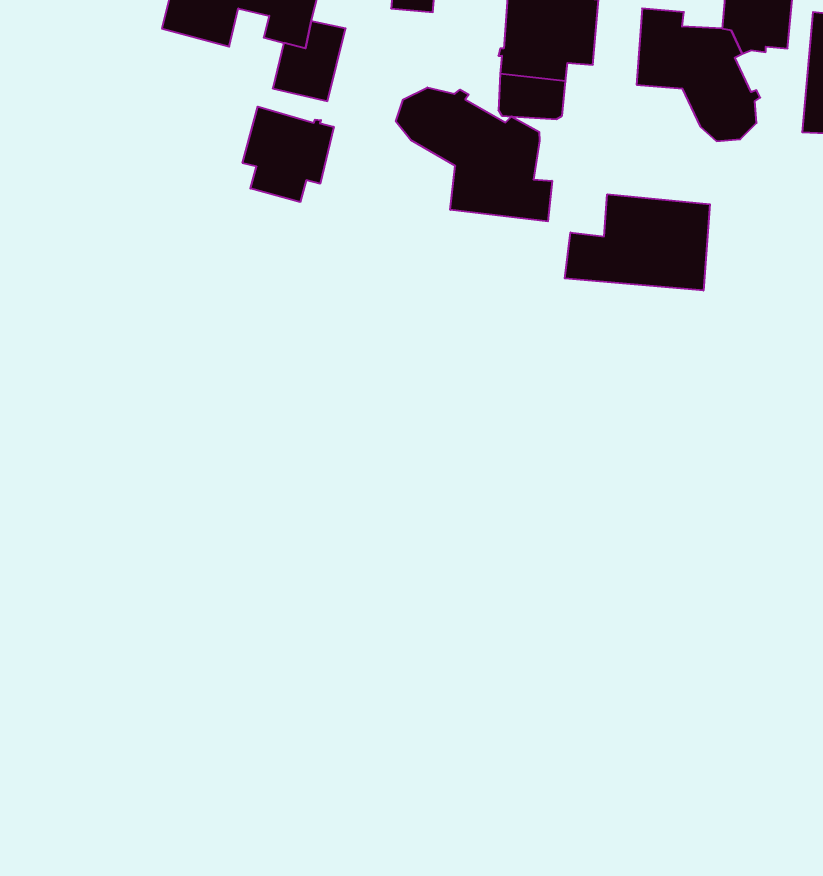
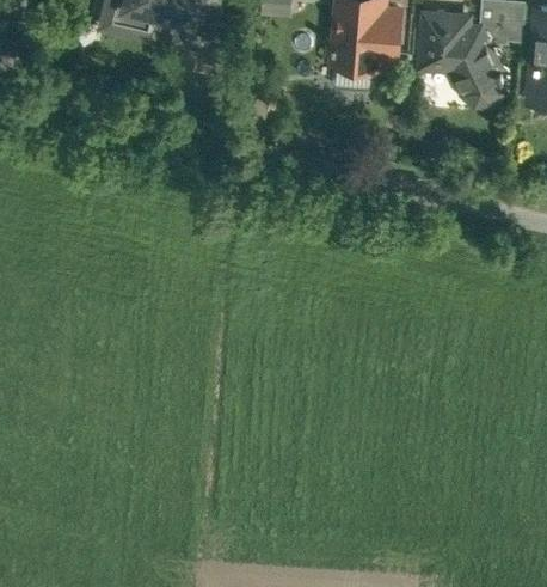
building: [396,87,552,221] -> none
building: [243,107,334,202] -> none
building: [565,194,710,291] -> none

